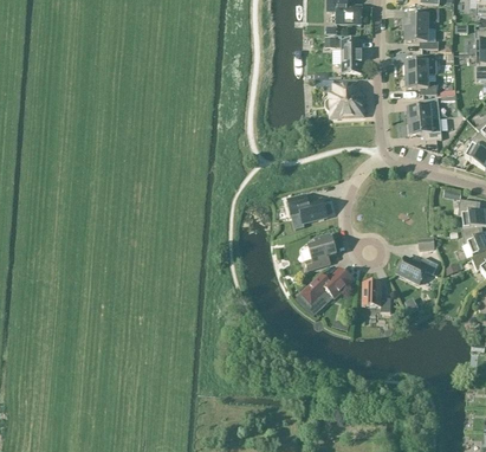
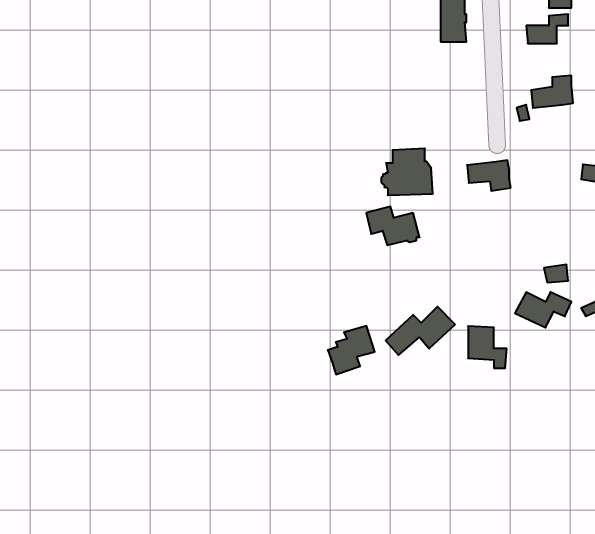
building: [407,75,438,95] -> none
building: [326,83,364,117] -> [381,148,433,195]
building: [410,118,442,141] -> [467,160,511,191]
building: [303,234,337,270] -> [328,326,375,374]

